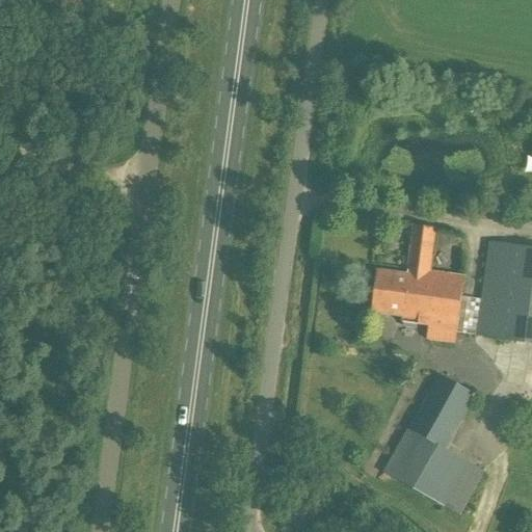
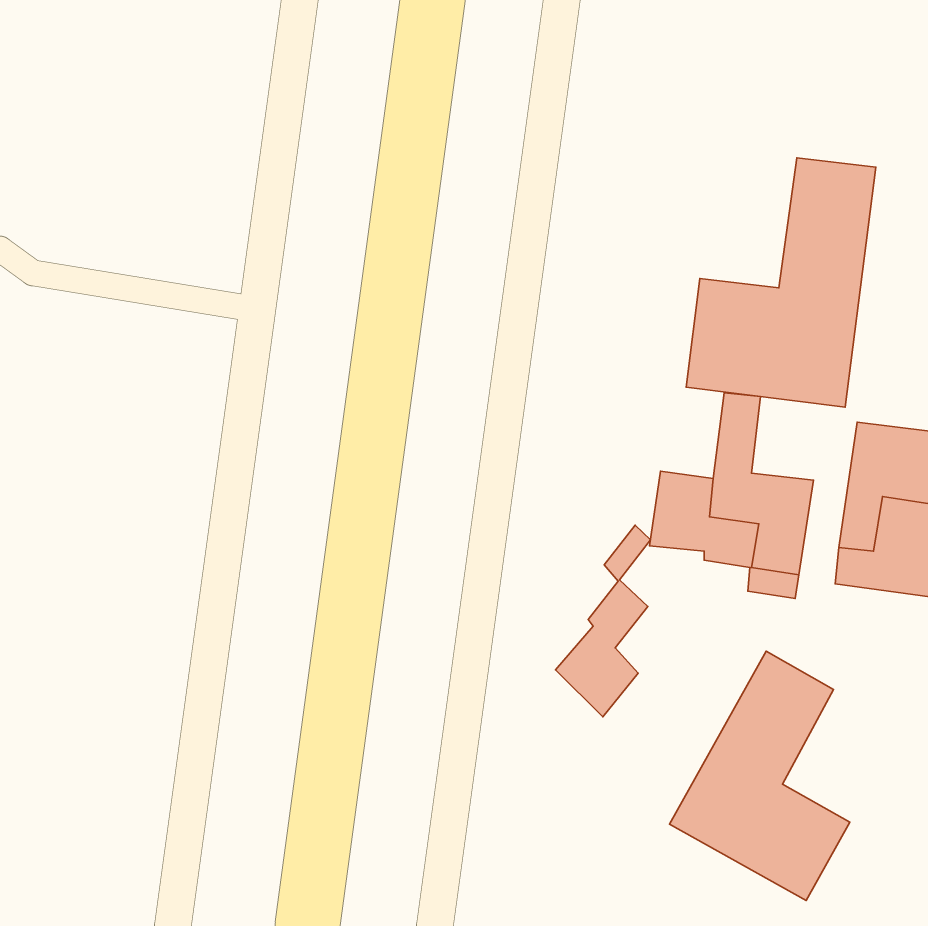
building: none -> [686,158,876,407]
building: none -> [556,525,650,717]

